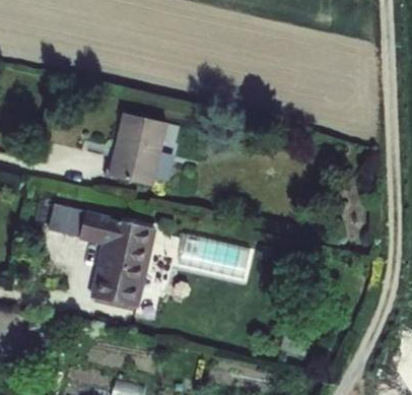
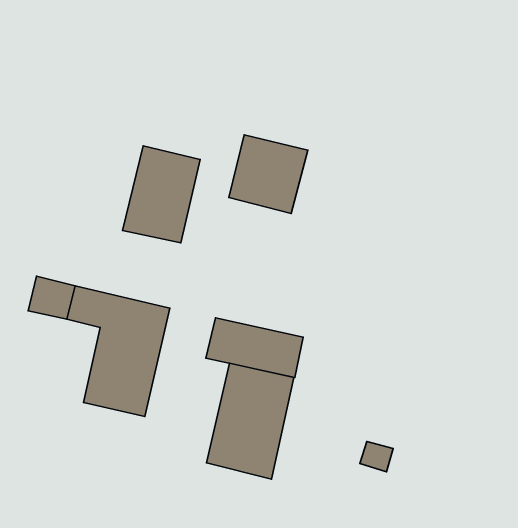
building: none -> [229,135,308,214]
building: none -> [207,363,294,479]

